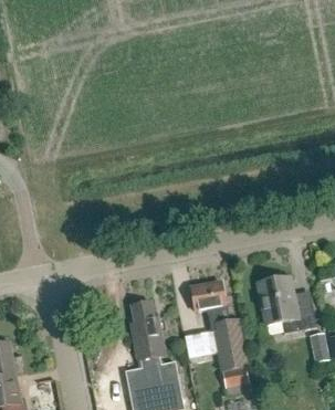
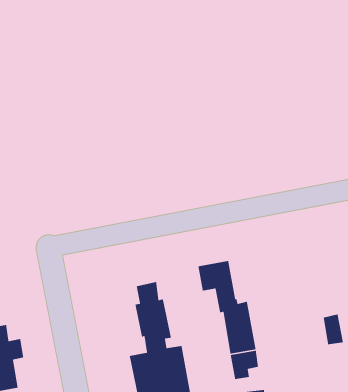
building: [258,275,316,332] -> none

